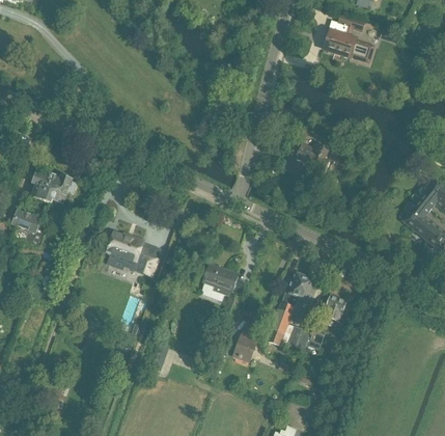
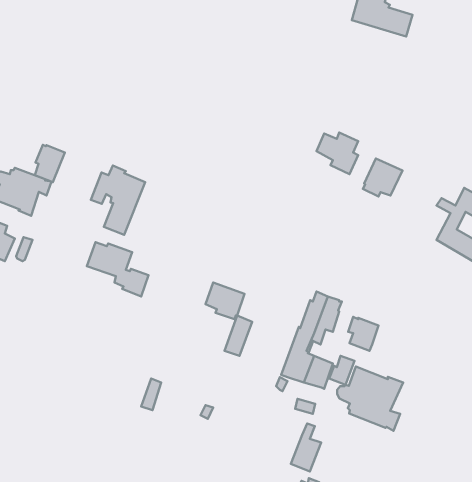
building: none -> [35,145,65,182]
building: none -> [363,159,402,196]
building: none -> [91,166,145,235]
building: [232,322,257,361] -> [291,424,321,472]
building: none -> [337,367,403,431]

